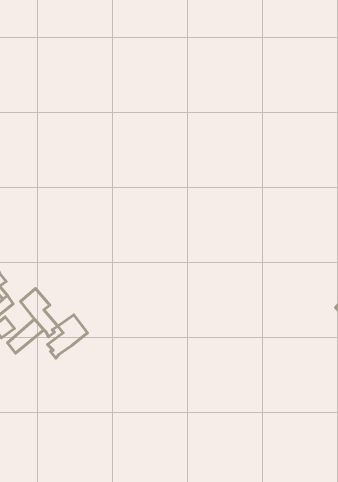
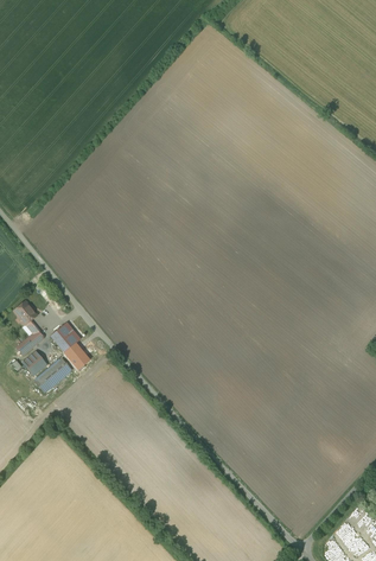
building: [48,315,88,358] -> none

